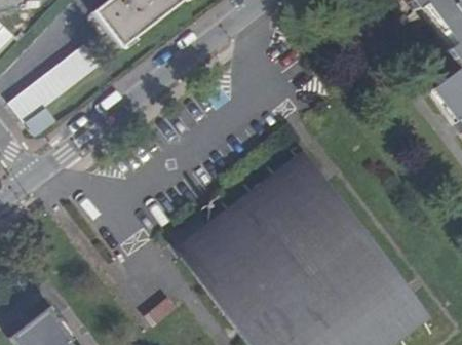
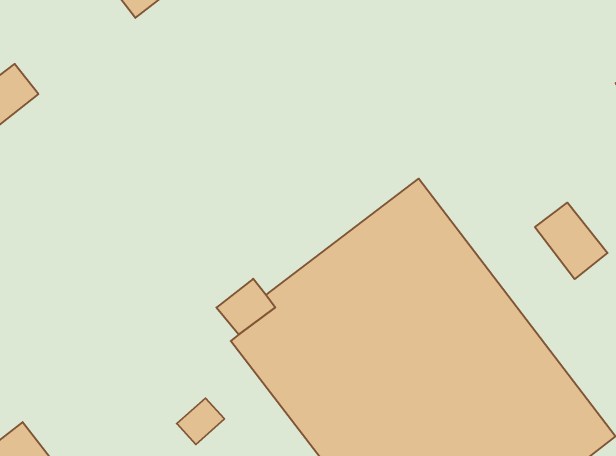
building: [44,43,102,95] -> none
building: none -> [535,203,608,279]

